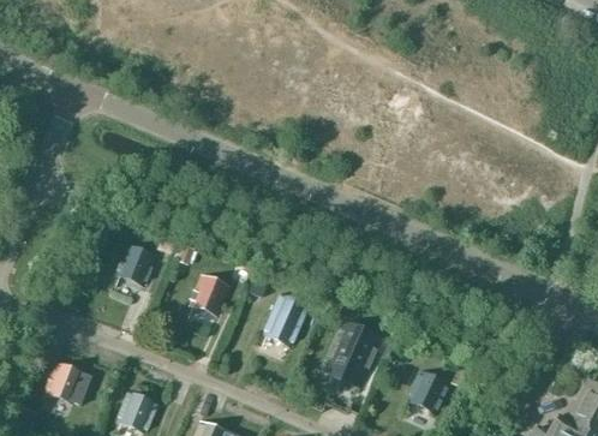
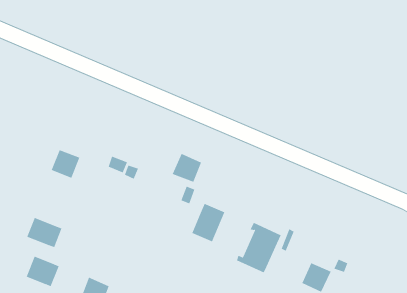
building: [116,245,155,283] -> [51,149,80,179]
building: [190,275,229,313] -> [172,153,202,182]
building: none -> [27,217,62,248]

